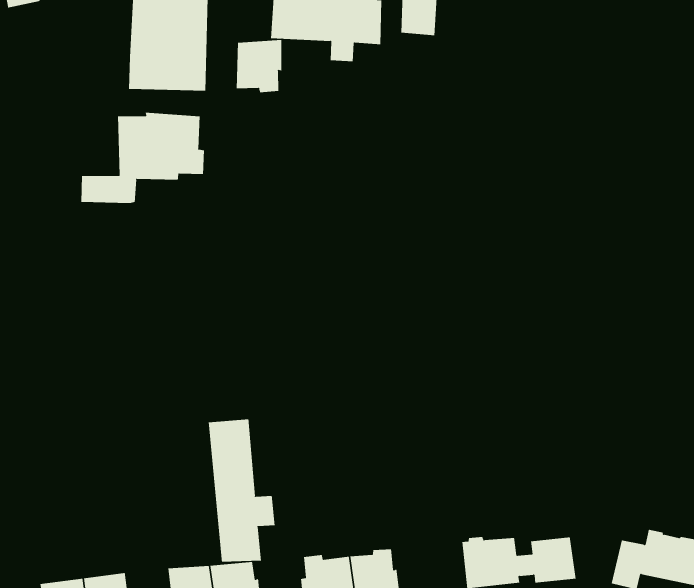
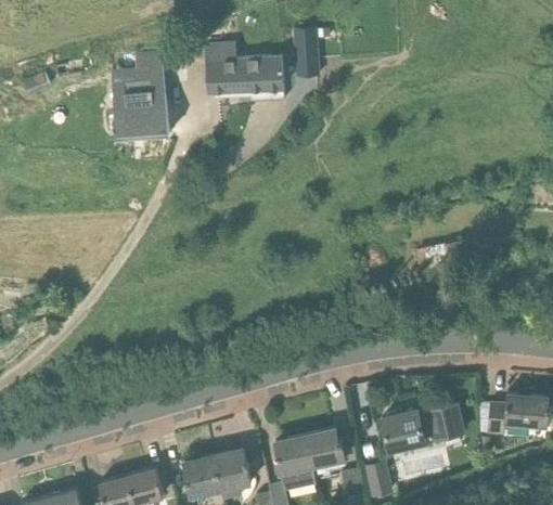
building: [236,39,282,93] -> none
building: [81,112,204,204] -> none
building: [208,419,275,562] -> none

